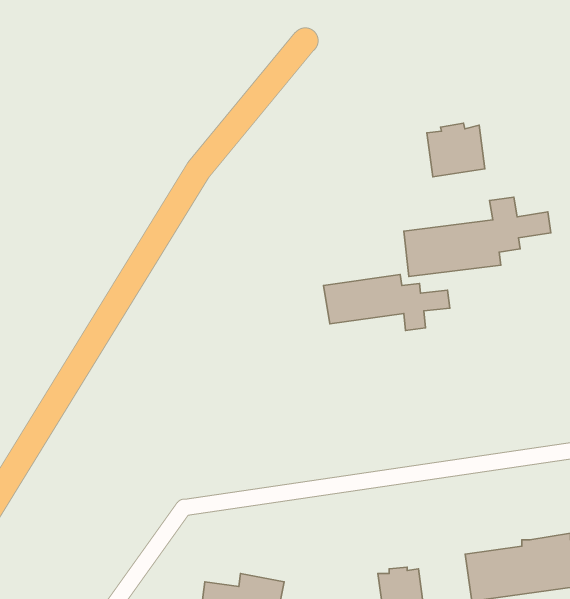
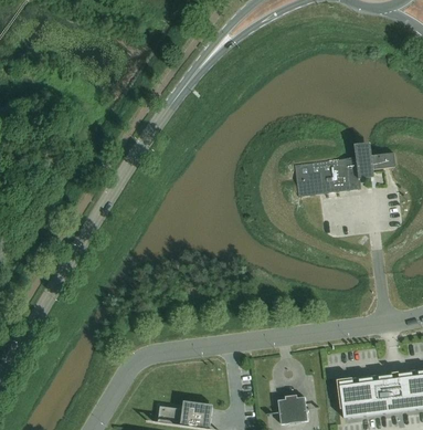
building: [427,123,485,177] -> none
building: [324,274,450,330] -> none

